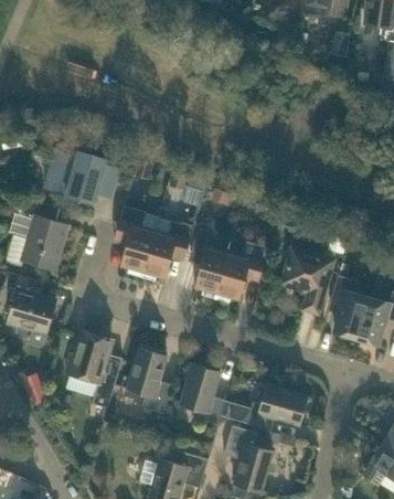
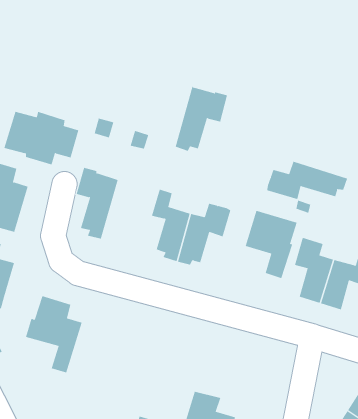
building: none -> [267,161,348,200]
building: [140,216,192,282] -> [175,85,228,151]
building: [126,349,171,414] -> none
building: [179,364,224,425] -> none
building: [245,385,306,431] -> none

